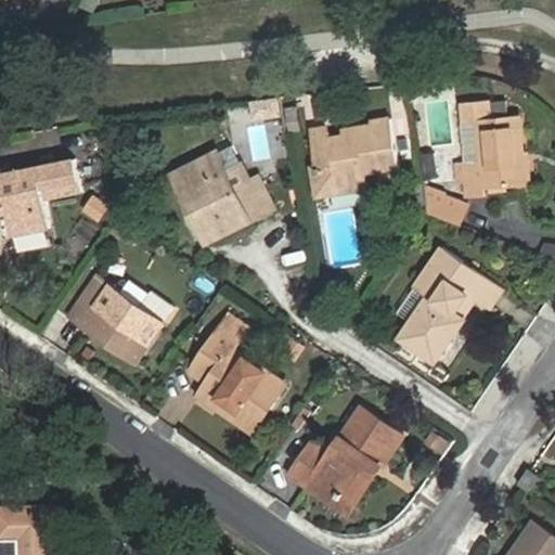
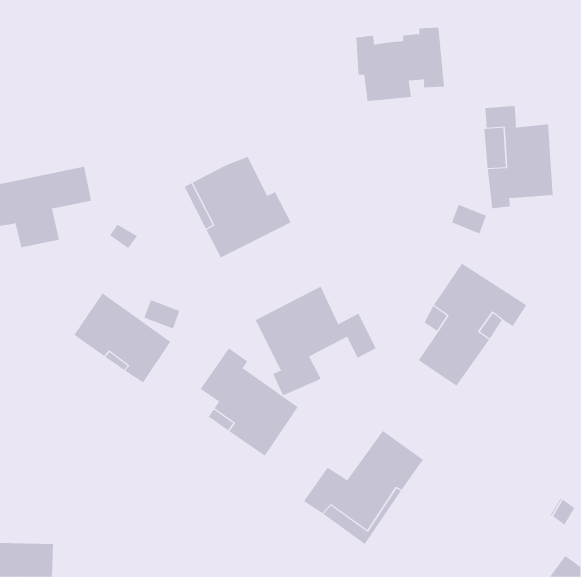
building: [308,118,392,189] -> [355,27,445,102]
building: none -> [255,286,377,396]

